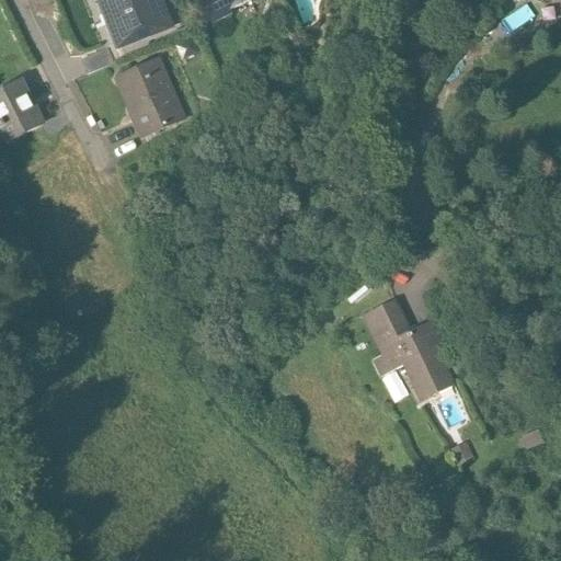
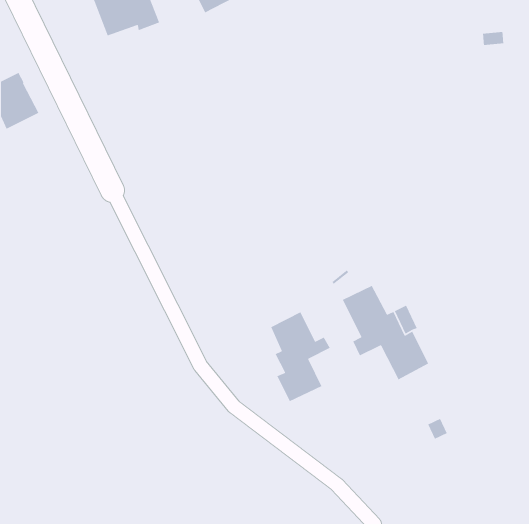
building: [115,57,183,135] -> none
building: none -> [270,311,331,402]

